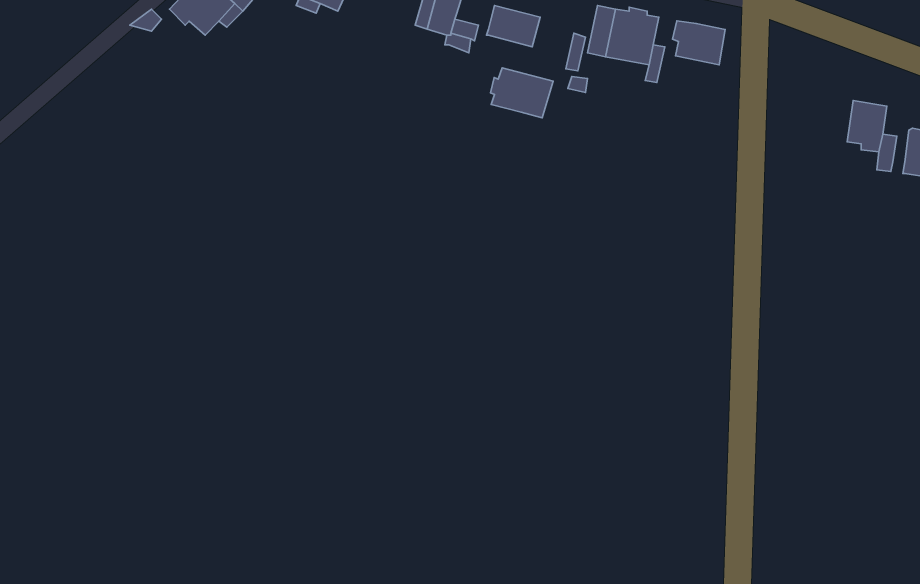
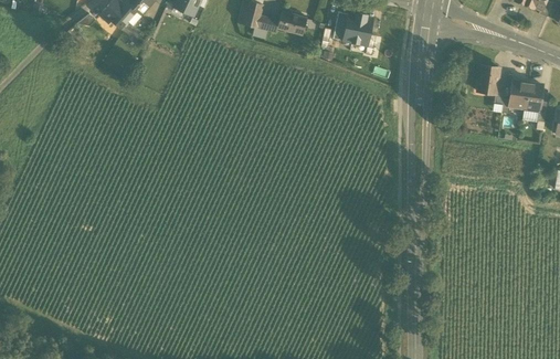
building: [673,21,725,65] -> none
building: [490,68,553,118] -> none

